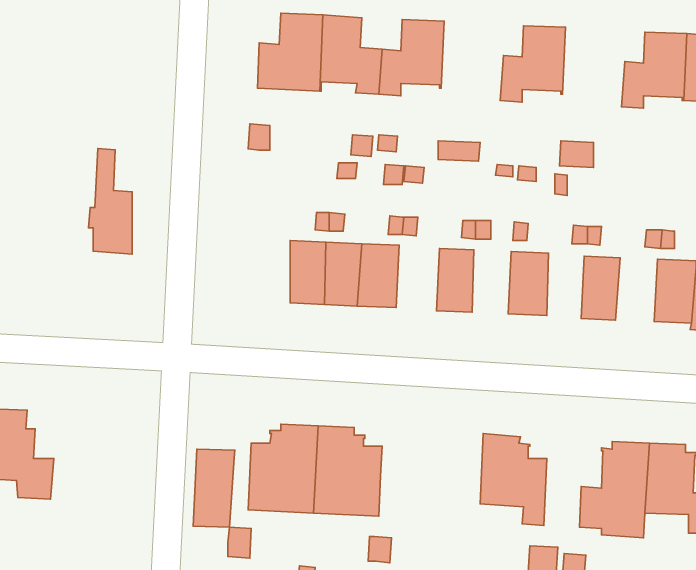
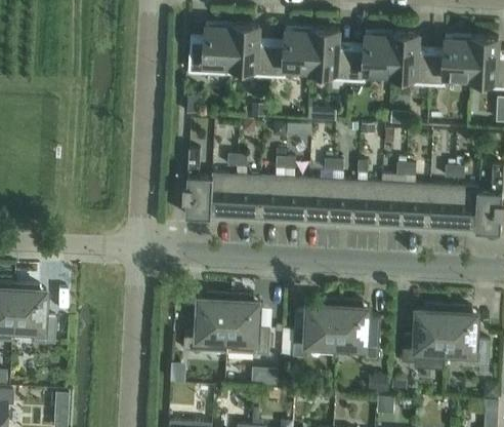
building: none -> [309,29,350,81]
building: none -> [389,33,430,85]
building: [89,148,132,254] -> [181,149,210,219]
building: none -> [280,177,308,220]
building: none -> [330,180,355,222]
building: none -> [379,182,404,225]
building: none -> [424,185,452,227]
building: none -> [281,300,337,357]
building: [193,449,235,527] -> none

